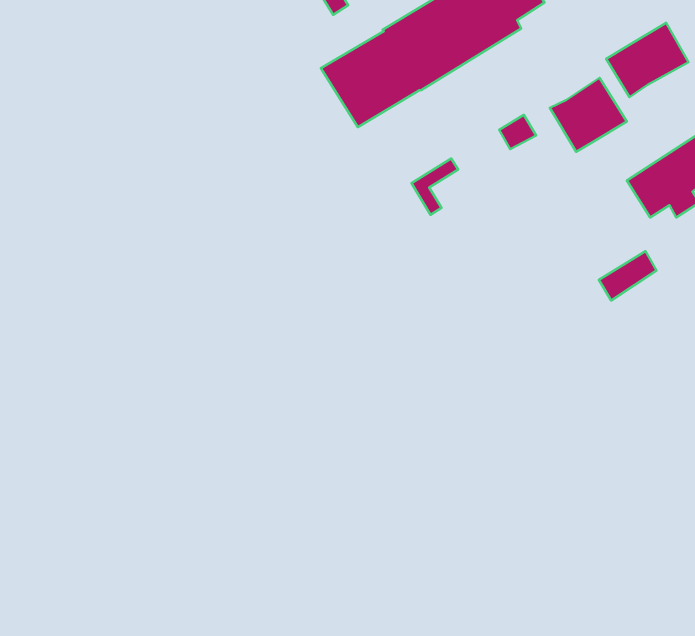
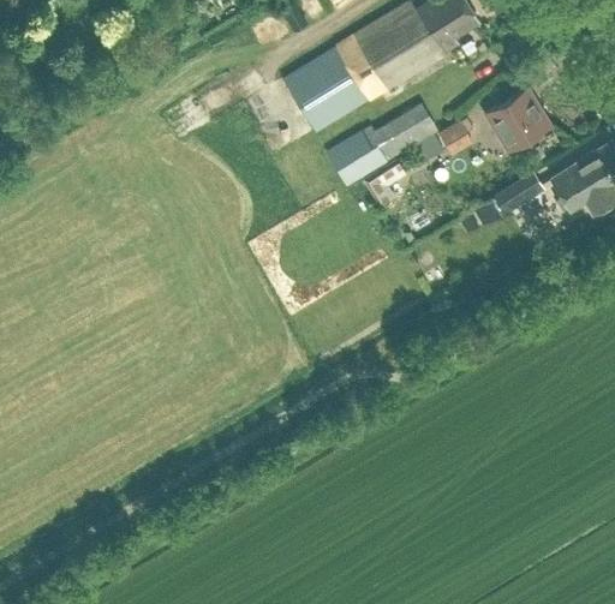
building: [606,23,688,97] -> none
building: none -> [326,103,437,186]
building: [599,251,656,300] -> [491,171,542,214]

